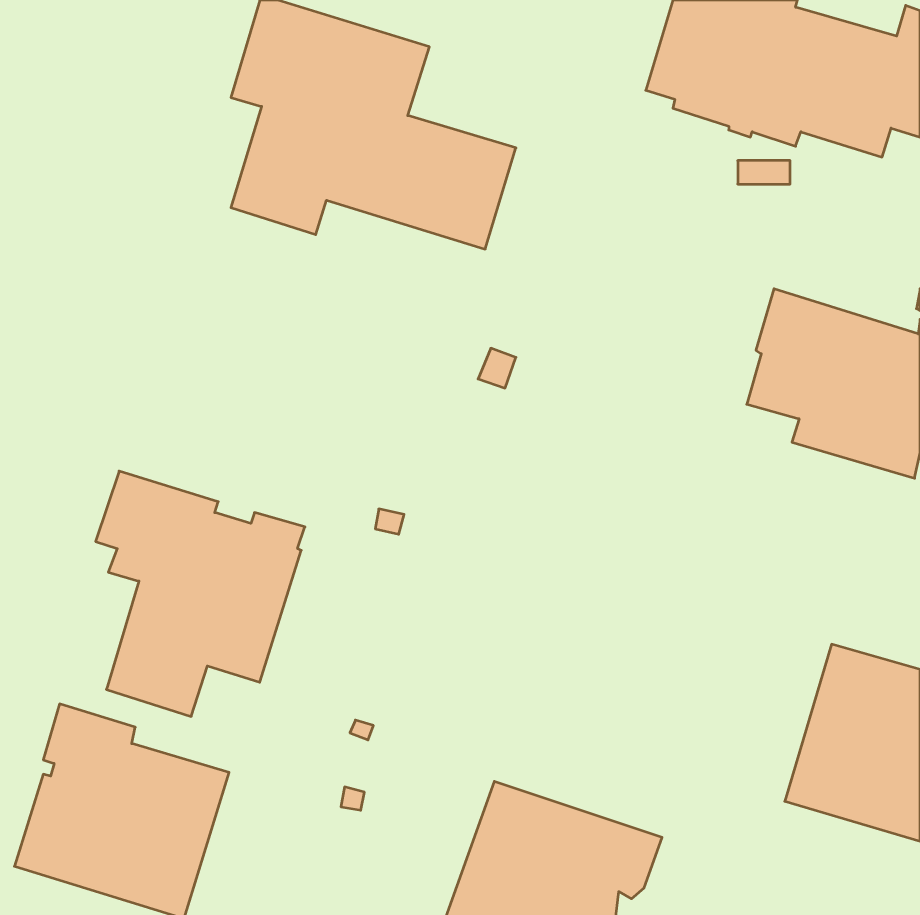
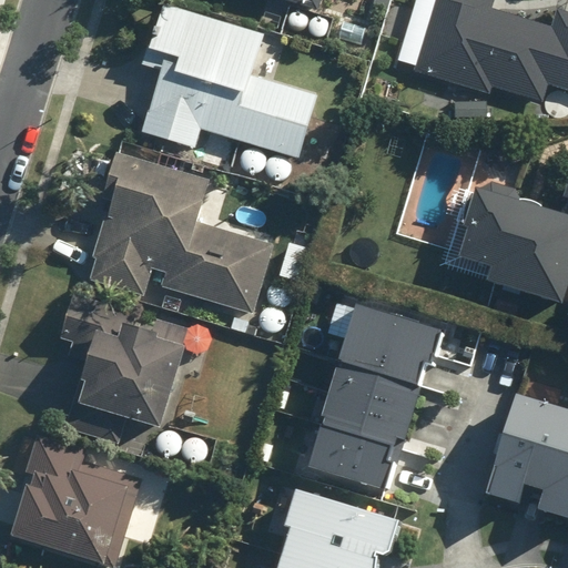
building: none -> [89,152,273,314]
building: none -> [318,308,444,486]

